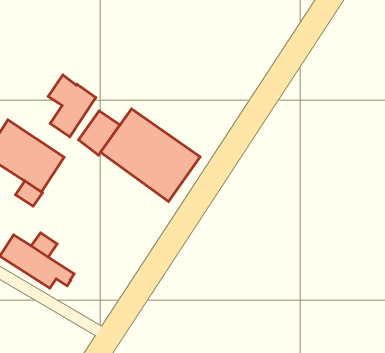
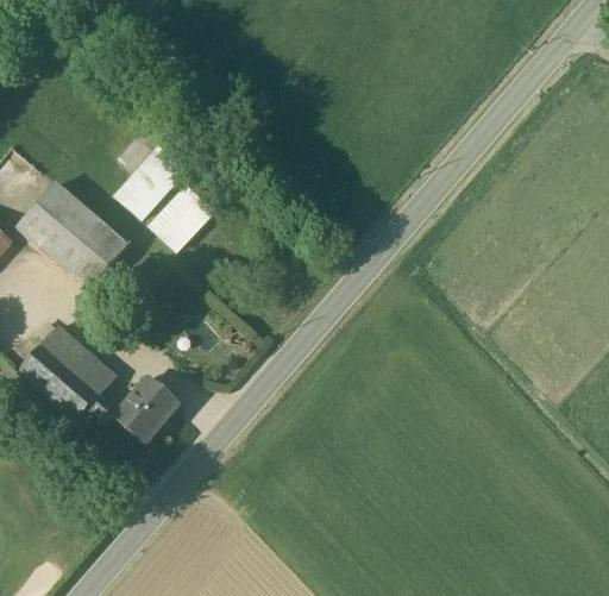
building: [101,109,200,201] -> none
building: [16,181,43,206] -> [43,325,81,362]
building: none -> [114,376,181,444]

